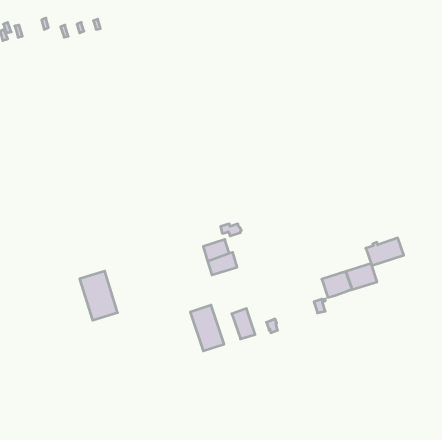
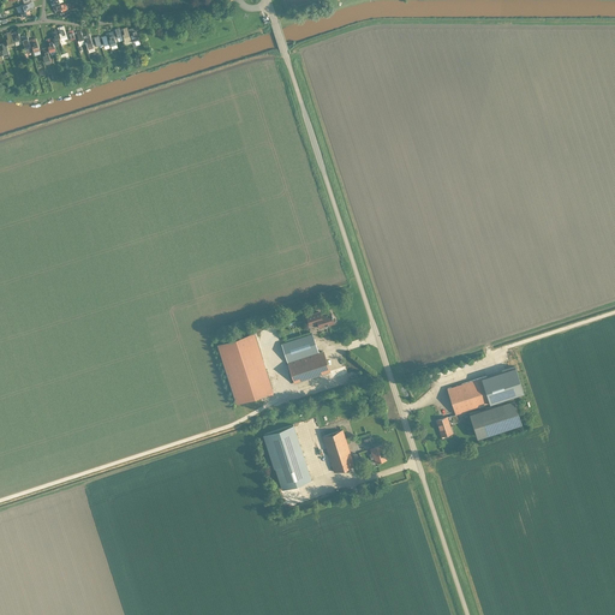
building: [366,238,404,266] -> [468,400,521,438]
building: [80,271,118,320] -> [219,334,271,402]

